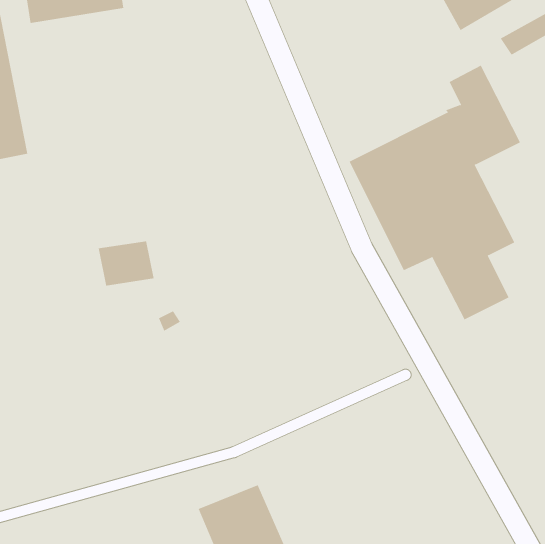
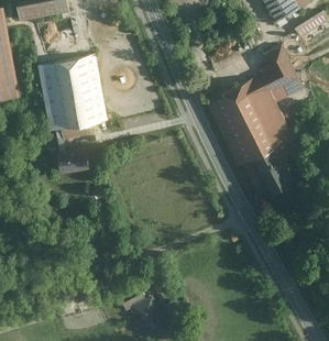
building: none -> [37,55,109,141]

